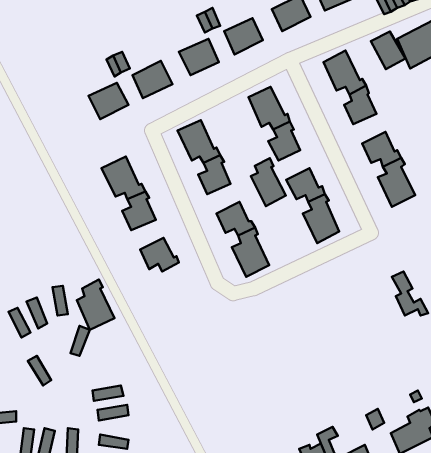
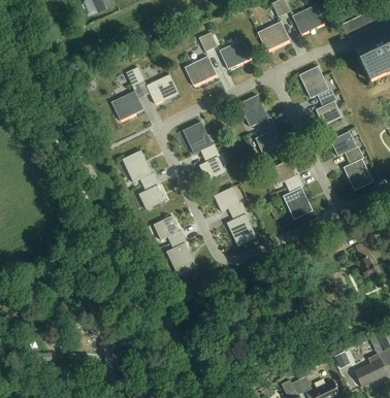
building: [371,31,406,69] -> none
building: [251,158,286,206] -> none
building: [77,279,114,330] -> [166,235,196,275]

